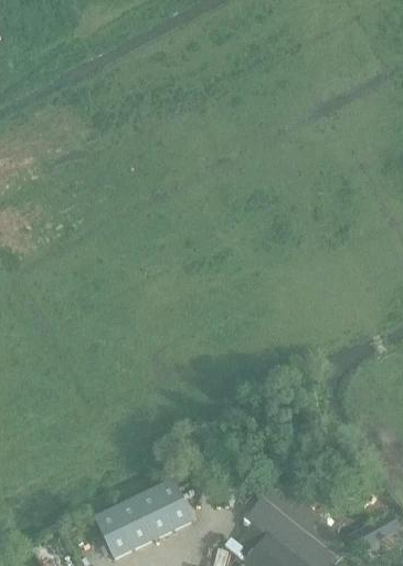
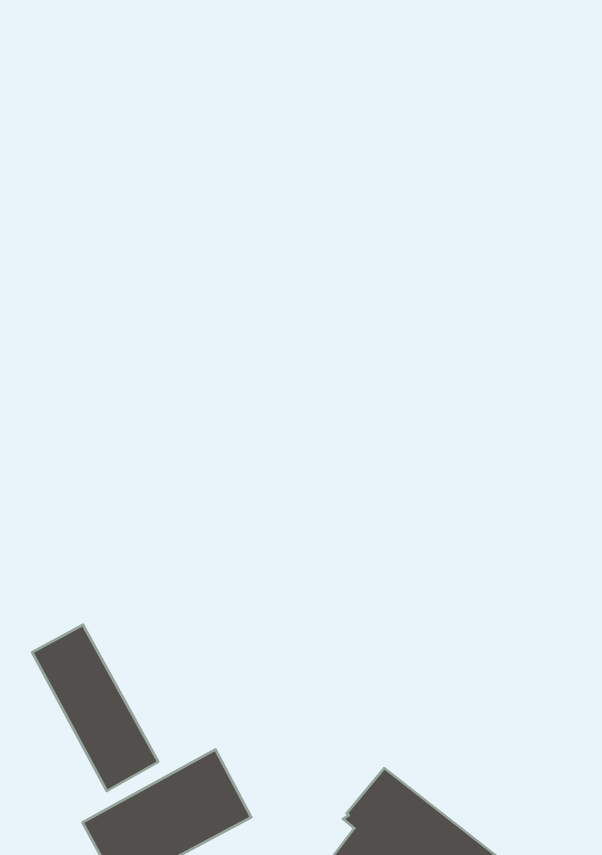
building: none -> [32,625,158,791]

